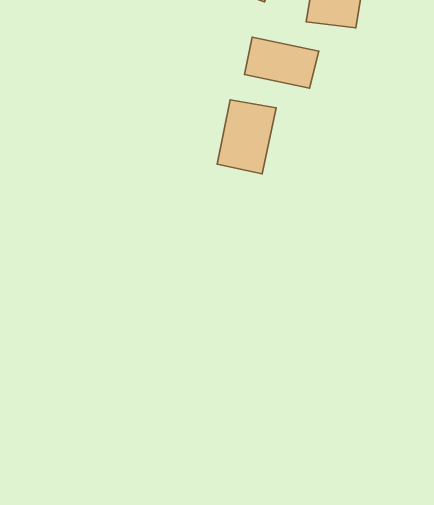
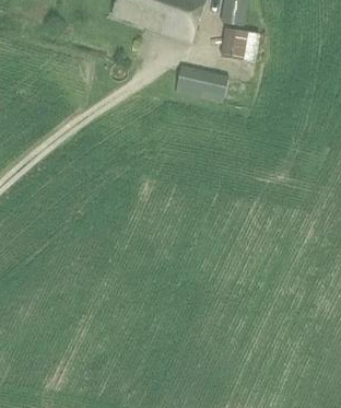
building: [217,100,276,174] -> none

